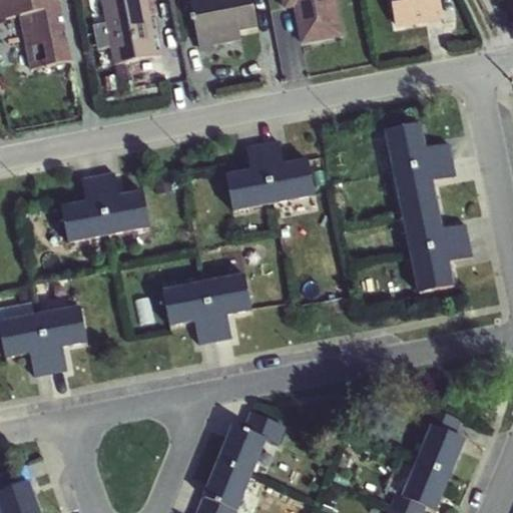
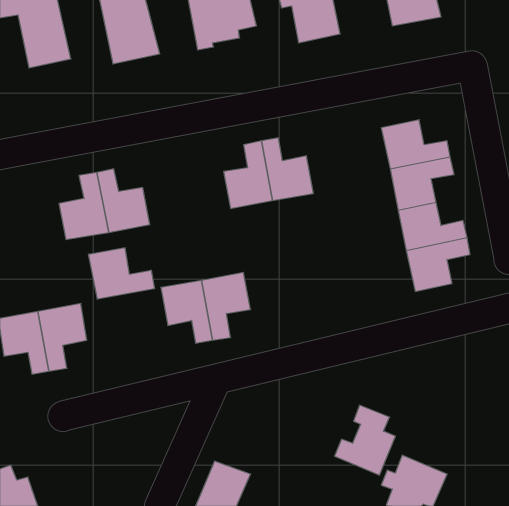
building: none -> [89,248,155,299]
building: [404,406,465,476] -> [335,405,395,475]
building: [215,411,286,476] -> none

